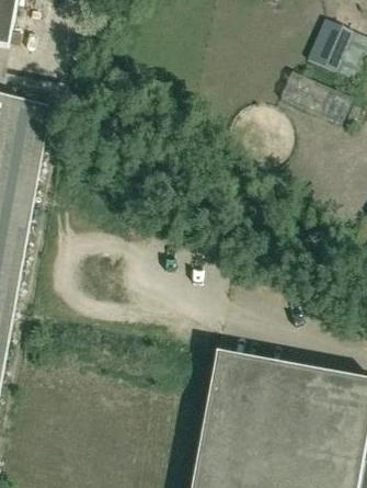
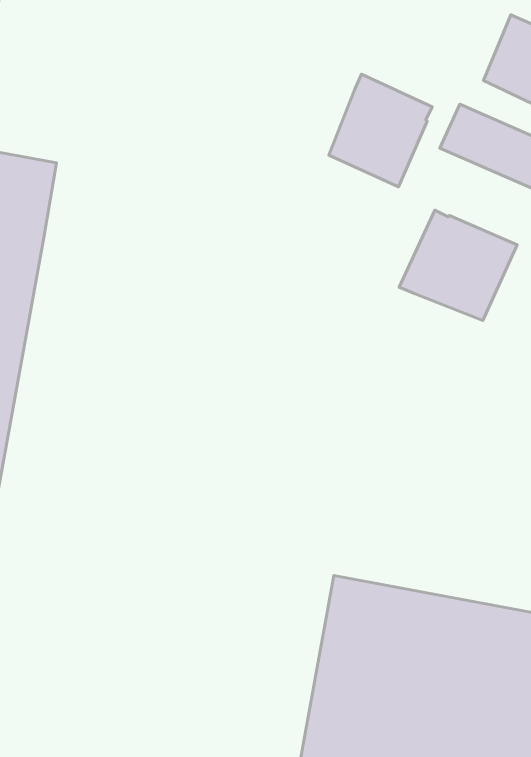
building: none -> [329,74,432,187]
building: none -> [399,210,517,321]

